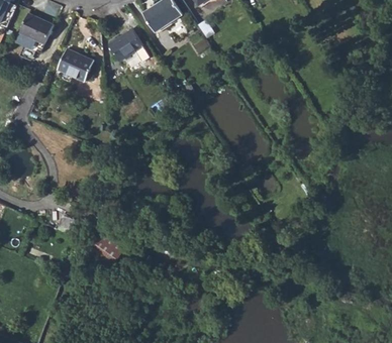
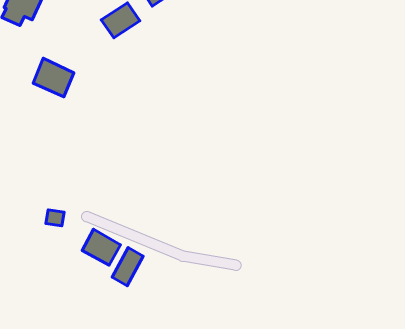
building: [59,47,95,82] -> [33,58,74,97]
building: none -> [112,247,143,286]

